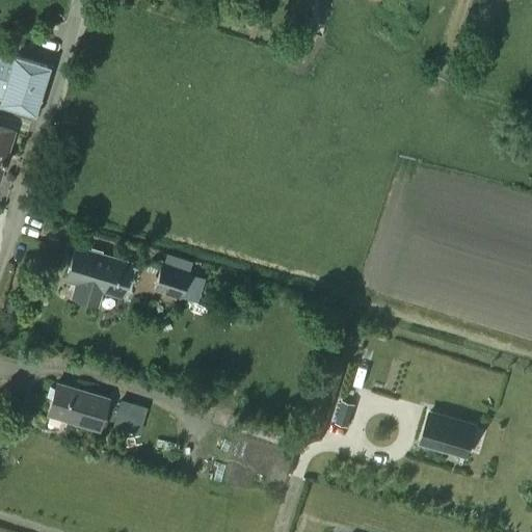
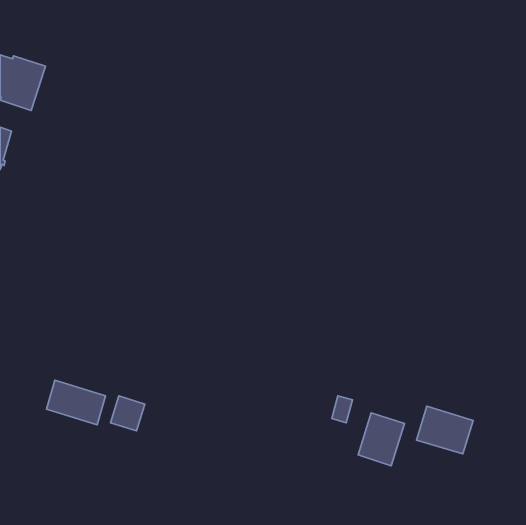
building: [66,248,135,307] -> none
building: [154,261,201,300] -> none
building: none -> [358,413,404,466]

